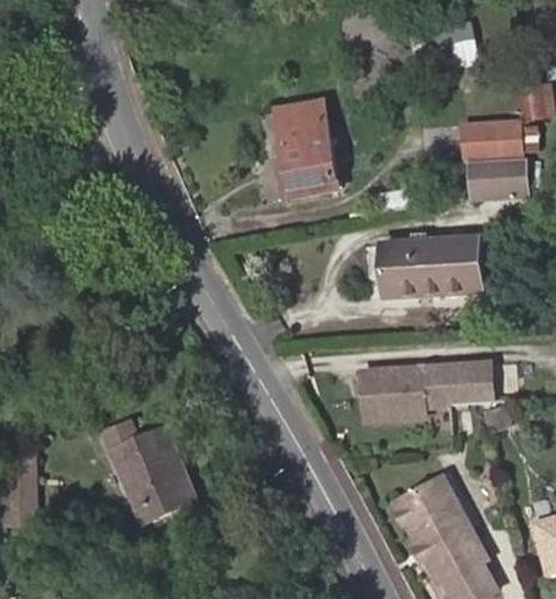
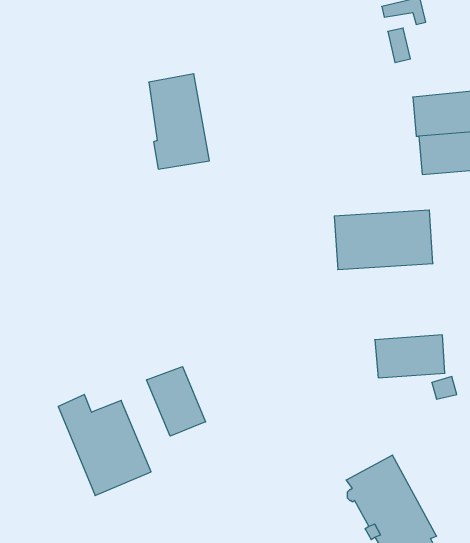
building: [277,100,338,196] -> [149,74,209,169]
building: [364,366,426,419] -> none
building: none -> [147,367,206,436]

